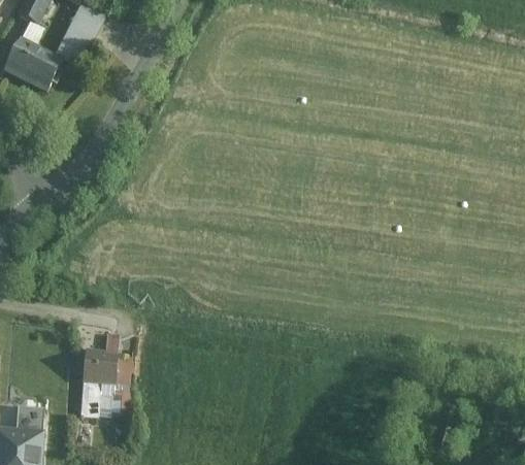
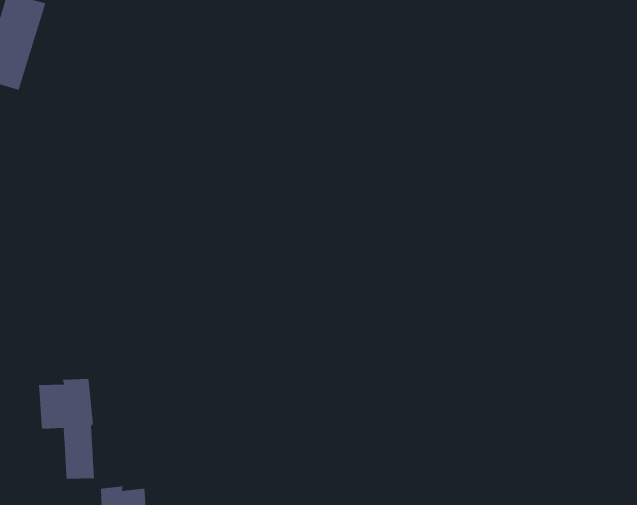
building: none -> [38,378,94,480]

